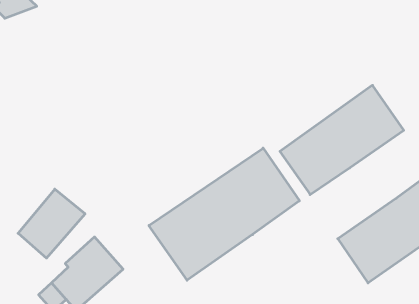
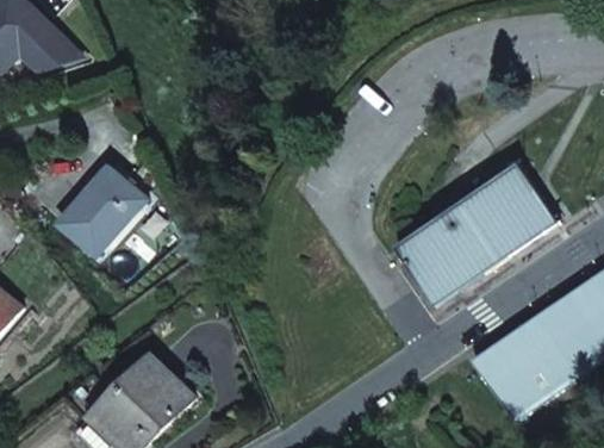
building: [149,148,299,280] -> none
building: [18,189,85,258] -> [63,173,150,262]

